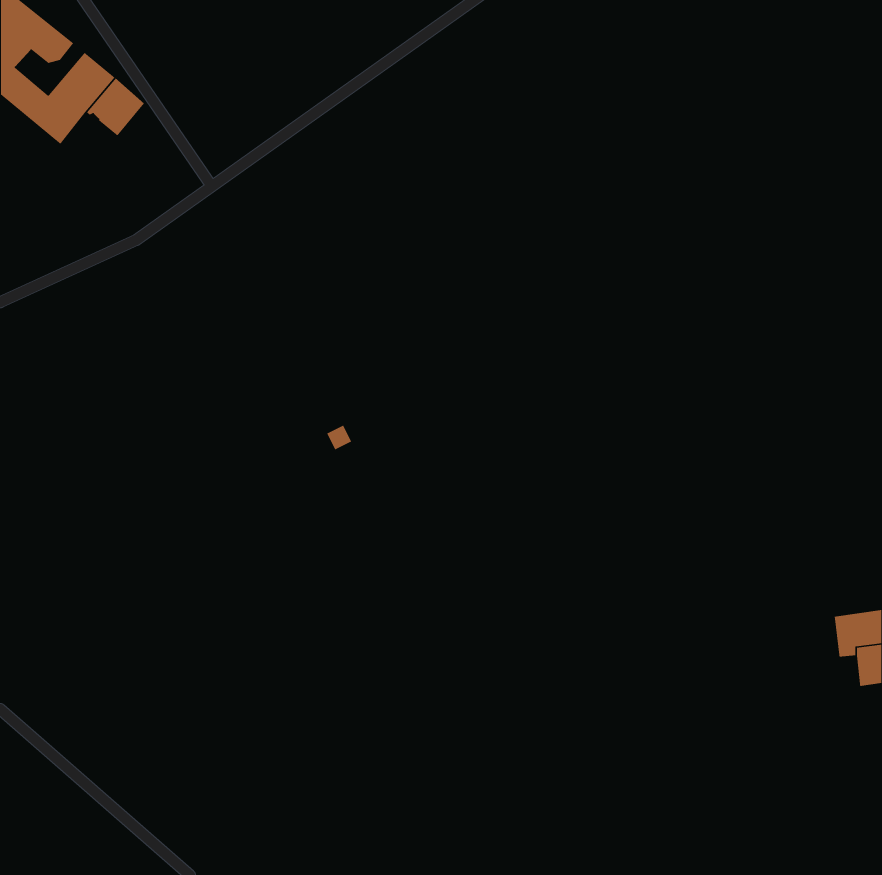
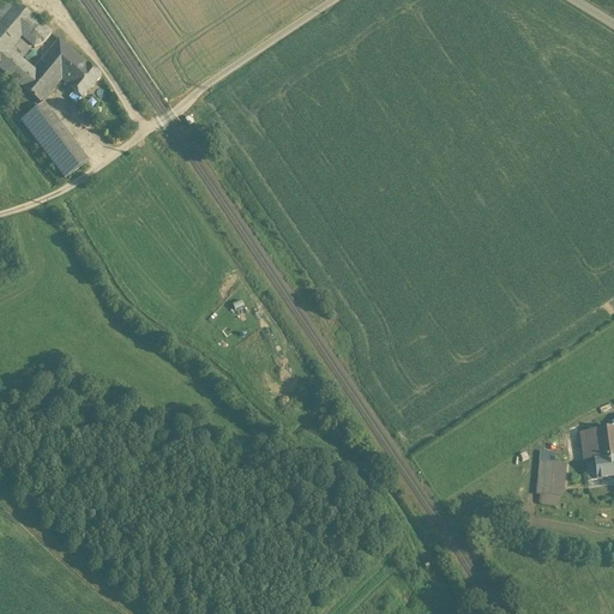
building: none -> [22,102,85,174]
building: none -> [537,458,565,493]

